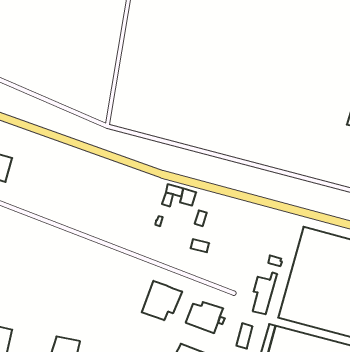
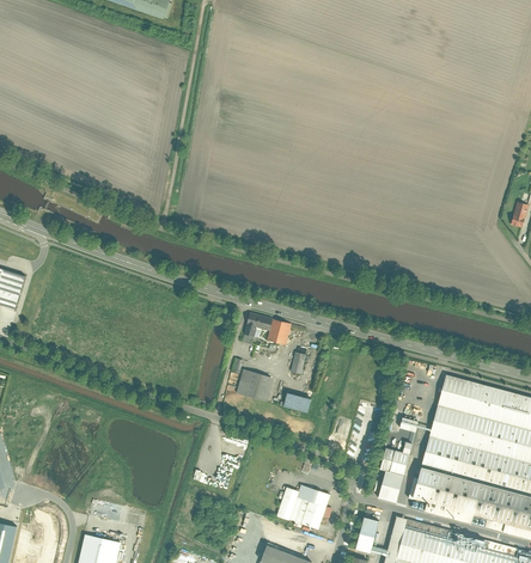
building: none -> [237,369,274,400]
building: [142,281,182,320] -> none

